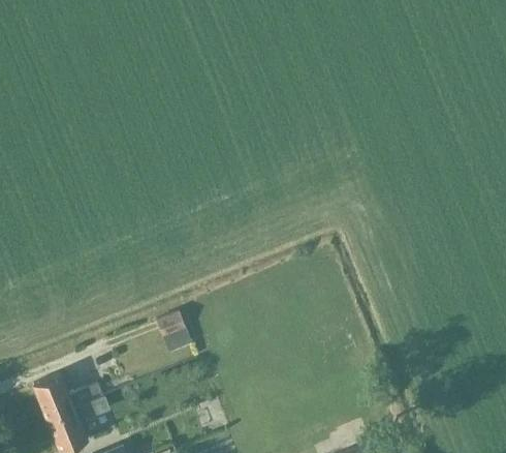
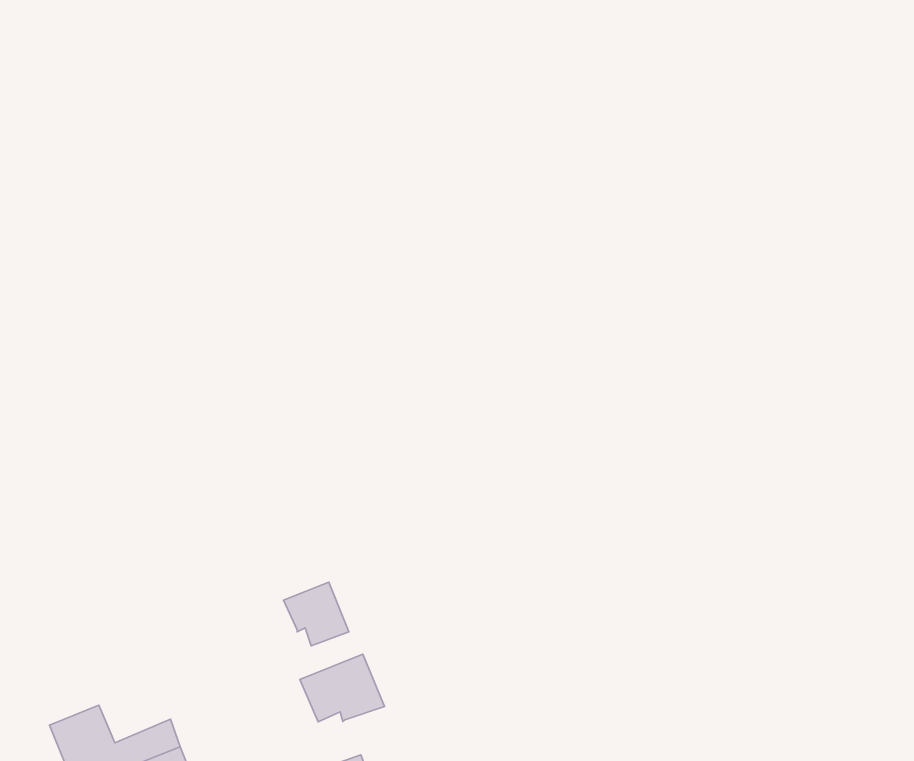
building: none -> [300,654,384,722]

